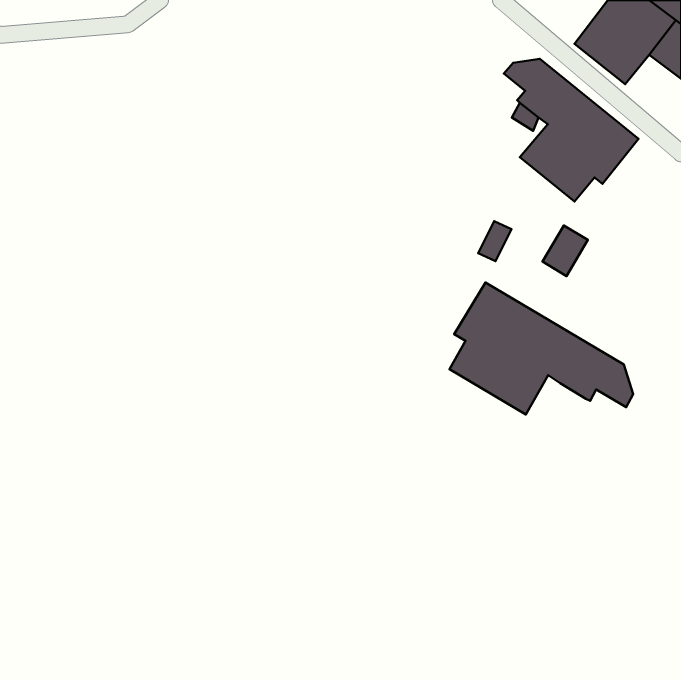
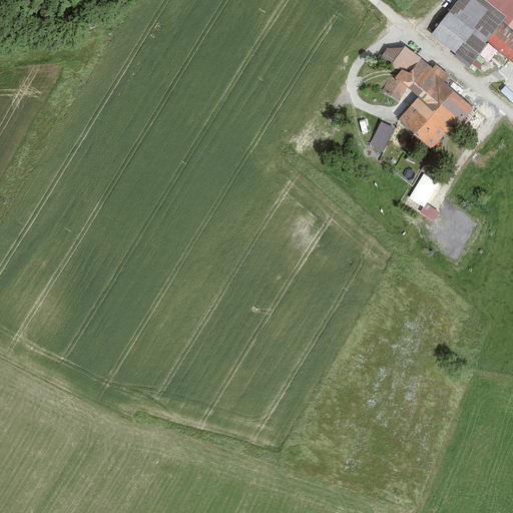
building: [478,221,512,261] -> [370,120,395,150]
building: [449,283,633,415] -> none

